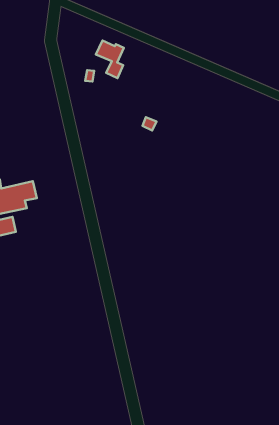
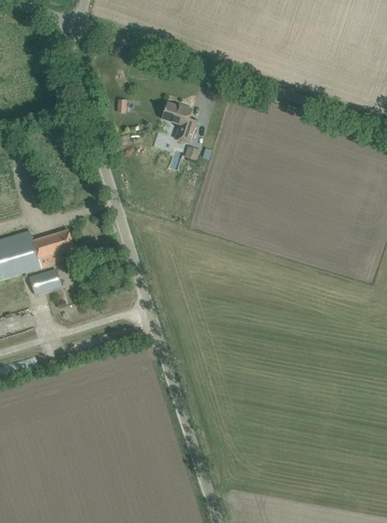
building: [96,40,124,78] -> [159,102,191,143]

